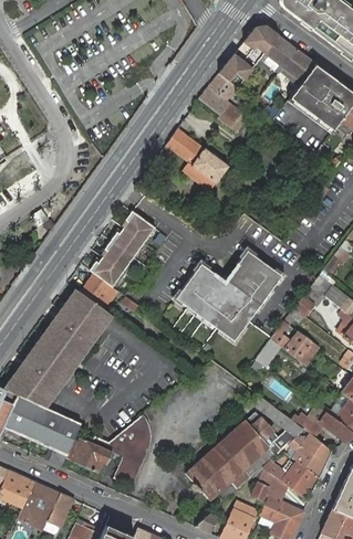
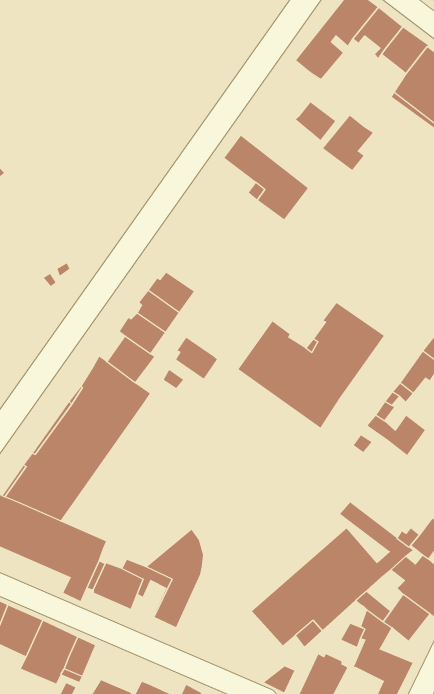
building: [198,74,236,115] -> [322,115,374,171]
building: [124,211,155,242] -> [175,337,218,379]

